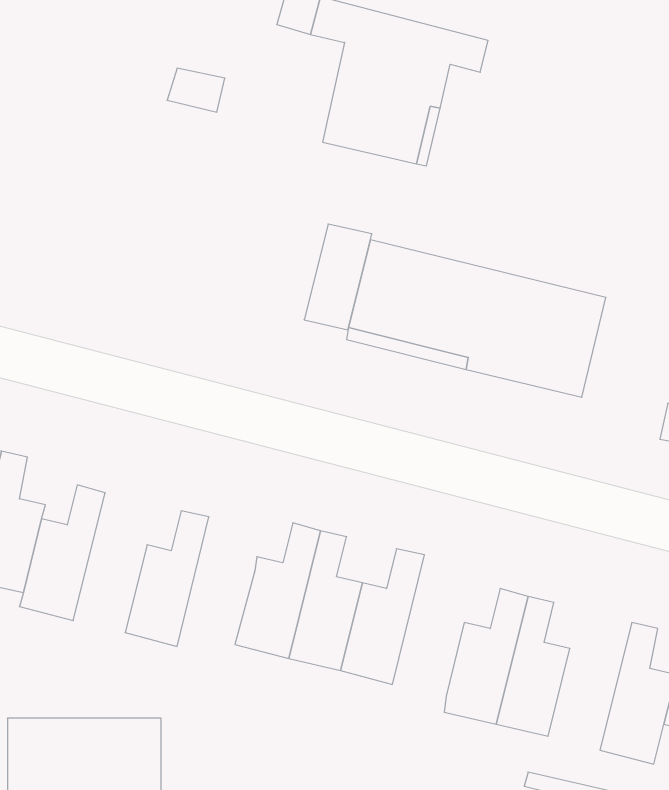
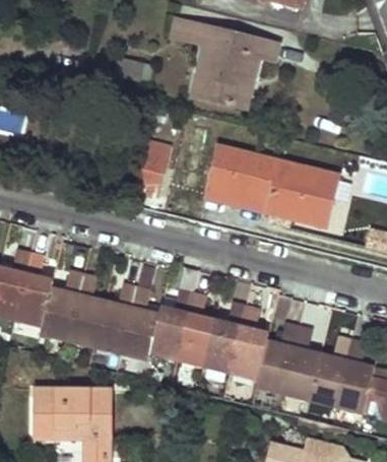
building: [304,224,372,330] -> [134,140,169,194]
building: none -> [67,274,105,345]
building: none -> [120,286,159,358]
building: none -> [230,306,268,378]
building: none -> [309,336,351,405]

